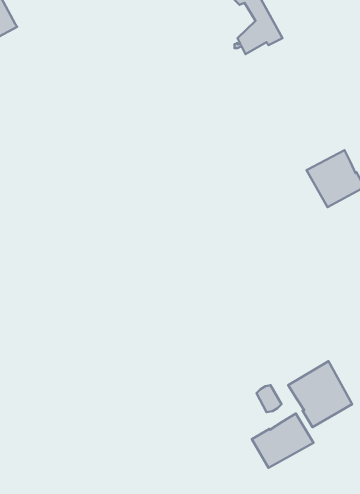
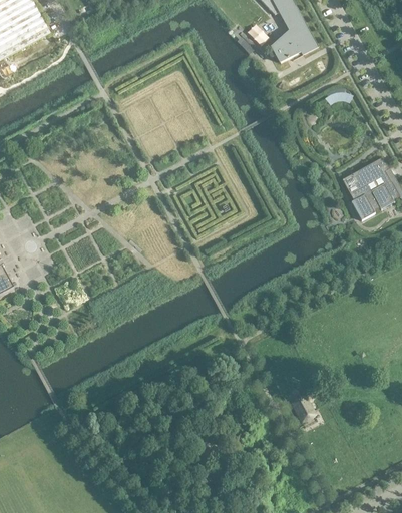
building: [288,361,352,427] -> none
building: [252,414,314,468] -> none

